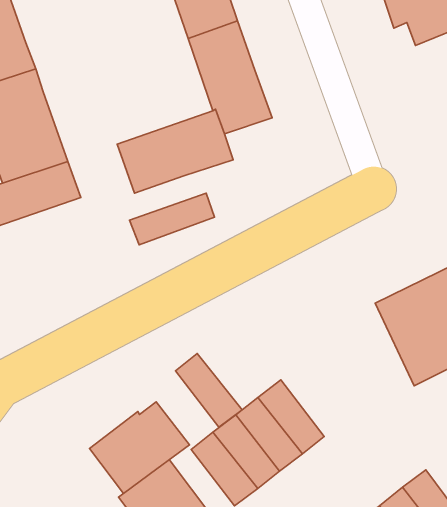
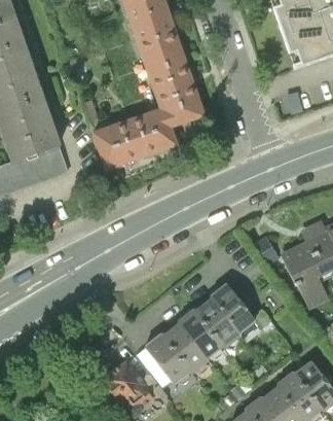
building: [129,193,215,245] -> none
building: [175,353,242,427] -> [209,286,256,339]
building: [90,402,189,494] -> none

